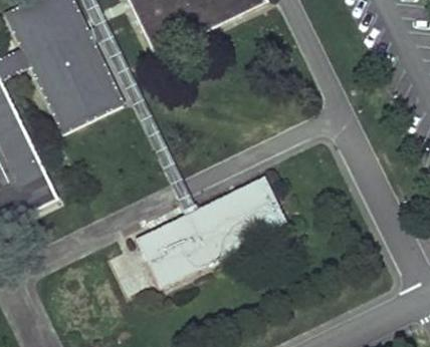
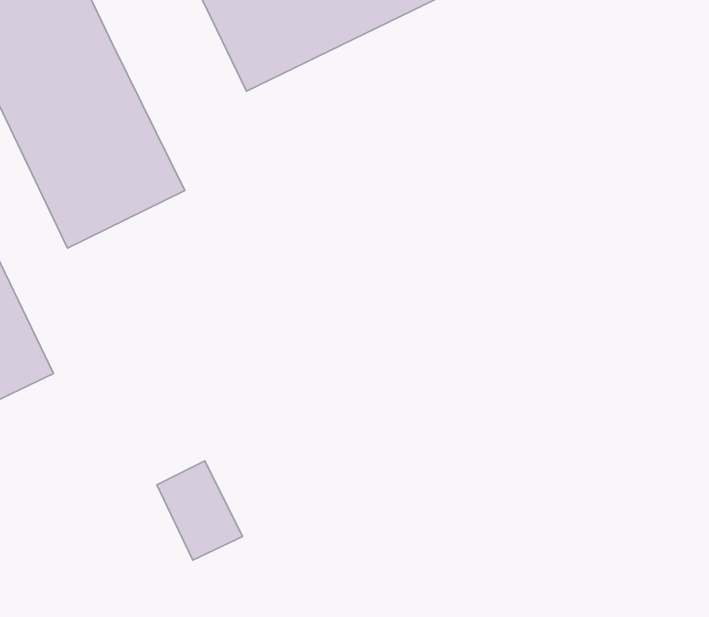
building: [136,175,287,286] -> none

